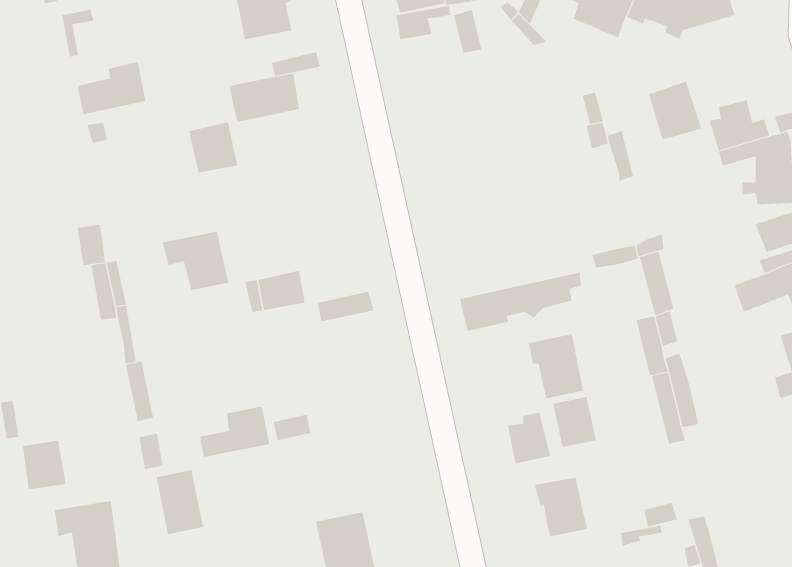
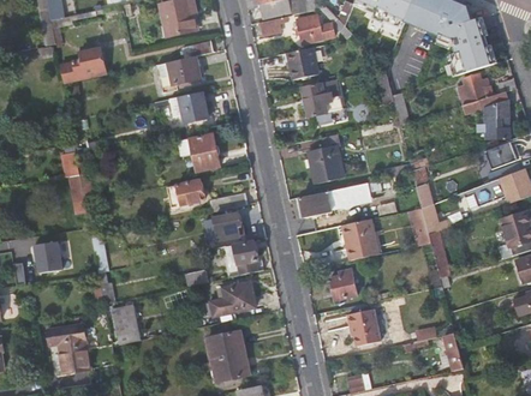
building: none -> [286,46,320,79]
building: [648,81,702,140] -> [458,24,491,61]
building: none -> [302,79,345,125]
building: [188,121,238,173] -> [179,90,210,122]
building: none -> [308,133,345,182]
building: [162,231,229,291] -> [179,133,221,170]
building: none -> [205,212,243,244]
building: none -> [227,240,259,276]
building: [553,396,596,448] -> none
building: [199,406,270,458] -> [211,282,256,314]
building: [22,440,66,490] -> [35,240,62,271]

